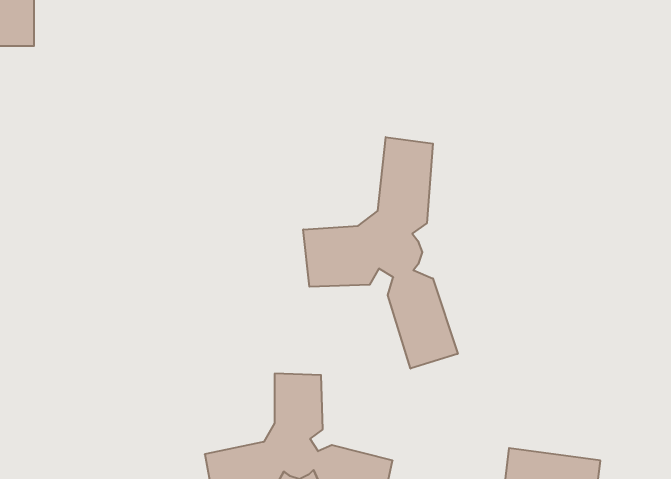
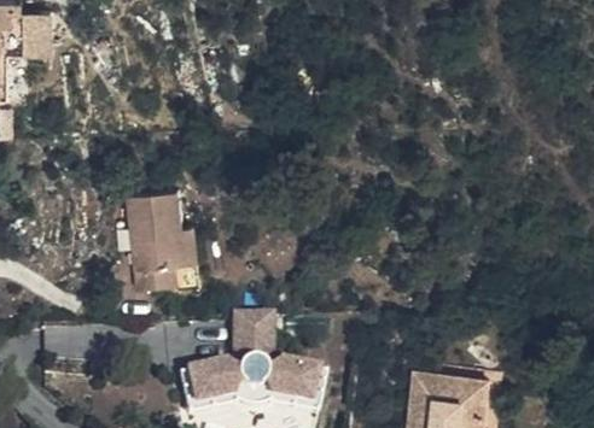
building: [303,137,458,369] -> none
building: none -> [126,189,192,287]

